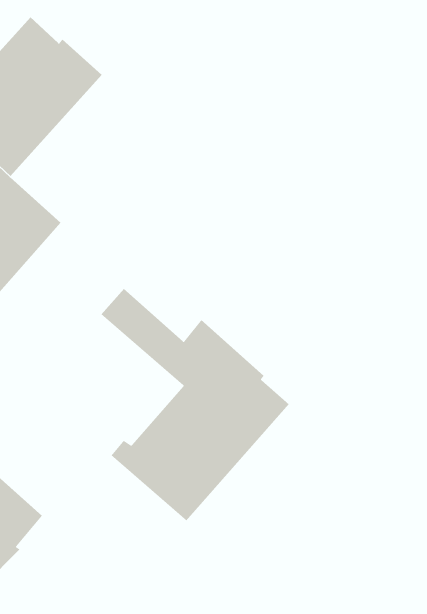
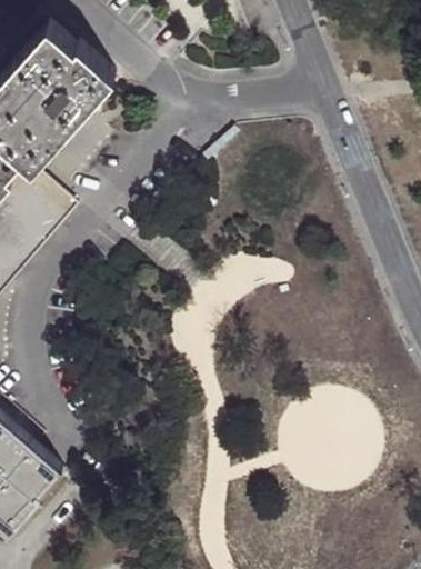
building: [100,288,290,521] -> none

